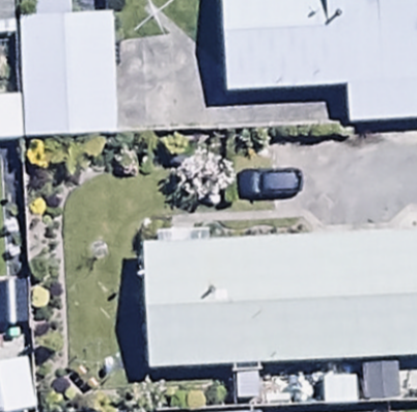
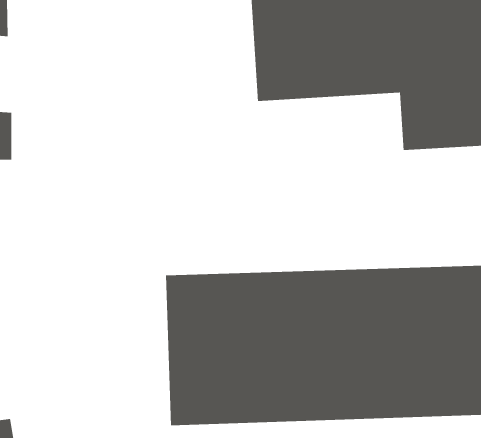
building: [17,11,119,139] -> none

